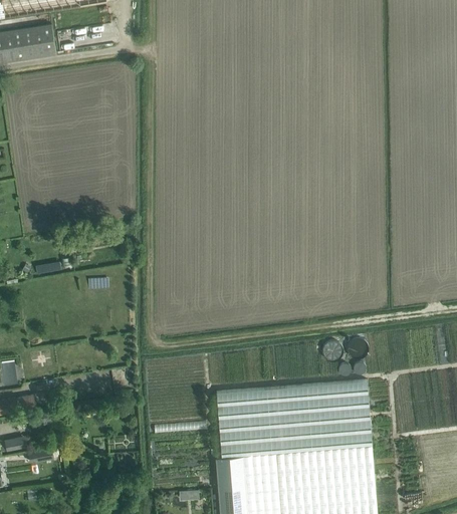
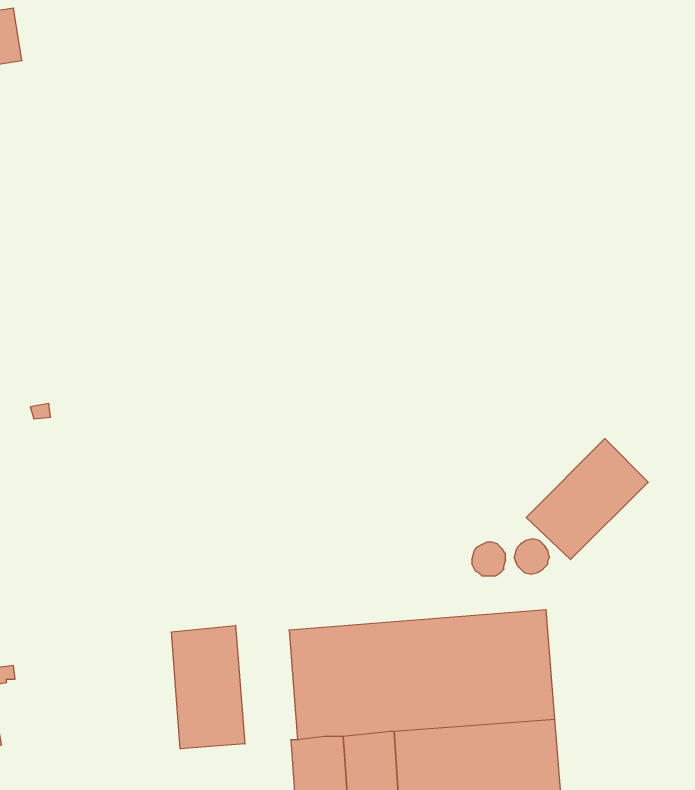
building: none -> [526,439,648,560]
building: none -> [171,625,245,749]

